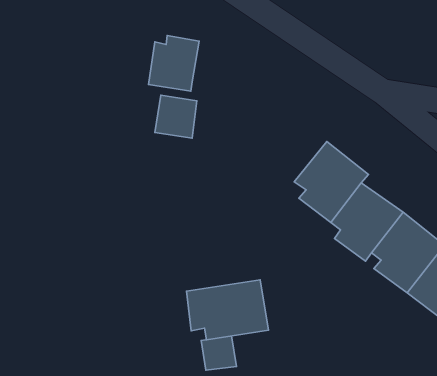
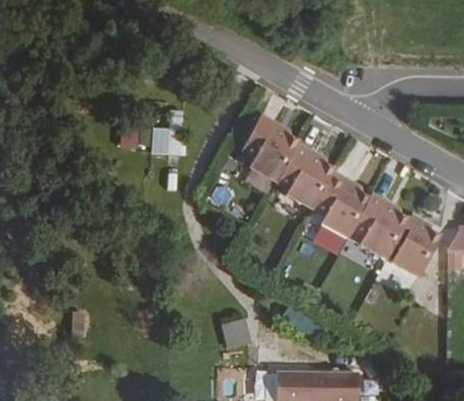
building: [148,35,199,91] -> none
building: none -> [236,112,302,180]
building: [187,280,268,340] -> none

